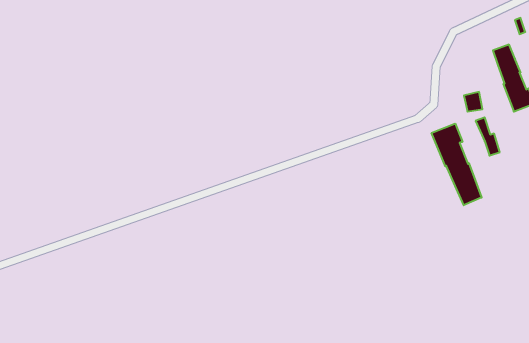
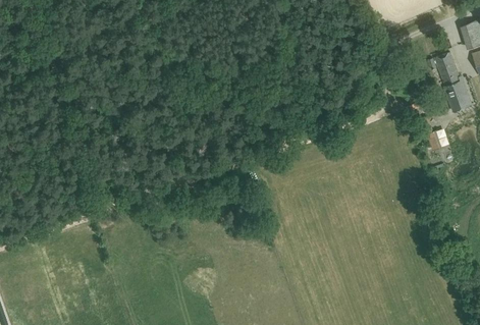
building: [432,124,482,205] -> none

